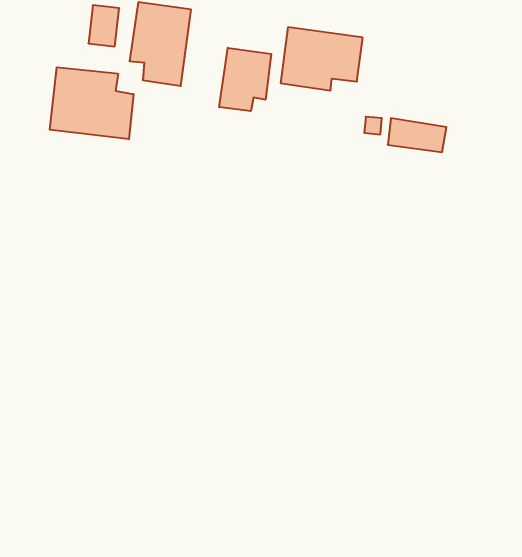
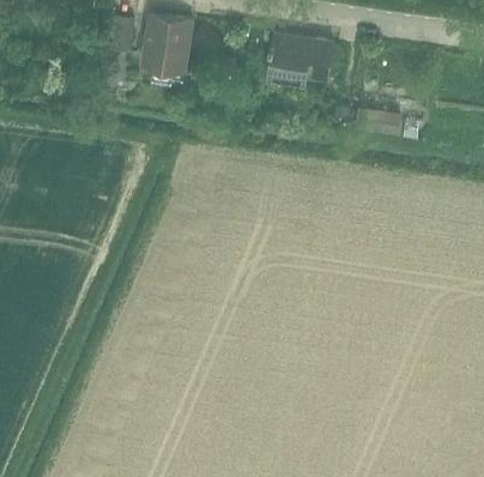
building: [219,48,271,111] -> none
building: [50,67,134,139] -> none

